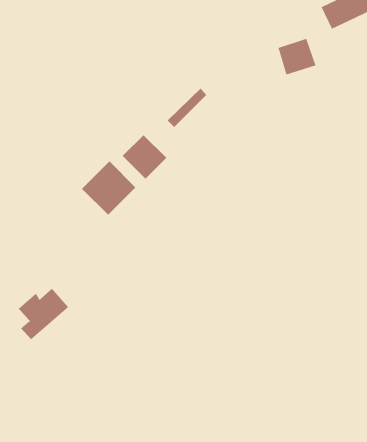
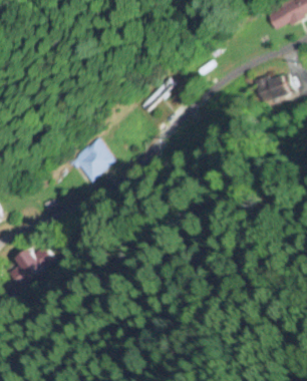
building: [277,38,316,76] -> [259,73,291,104]
building: [122,134,167,179] -> none

